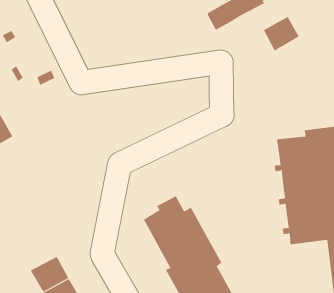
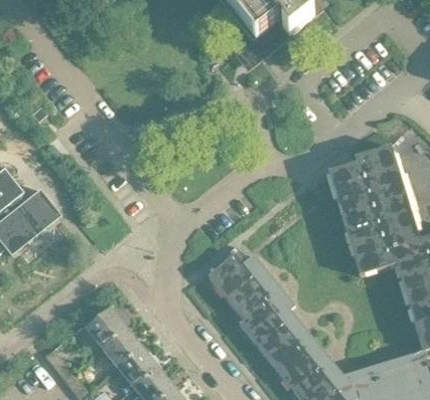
building: [263,16,299,51] -> none
building: none -> [86,308,127,347]

